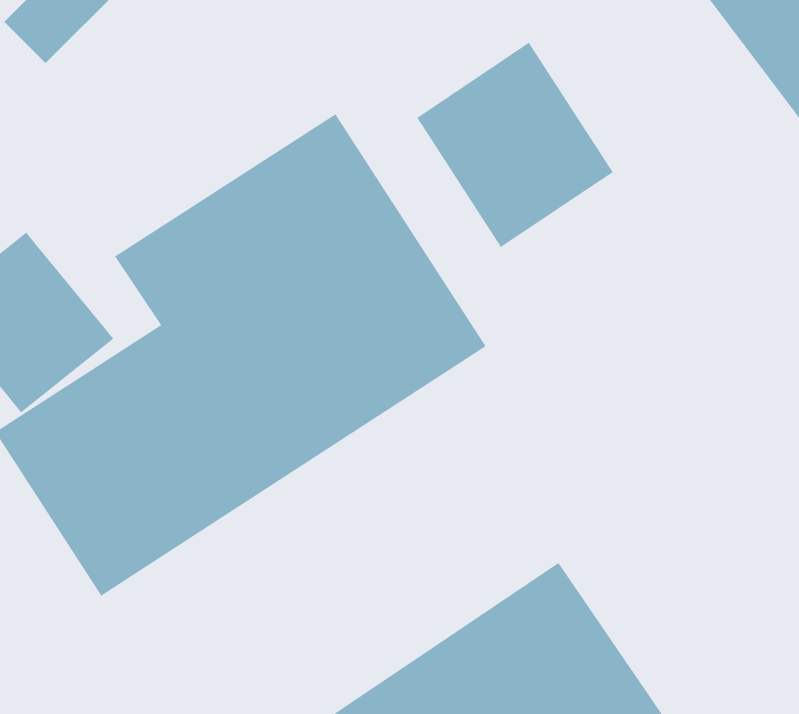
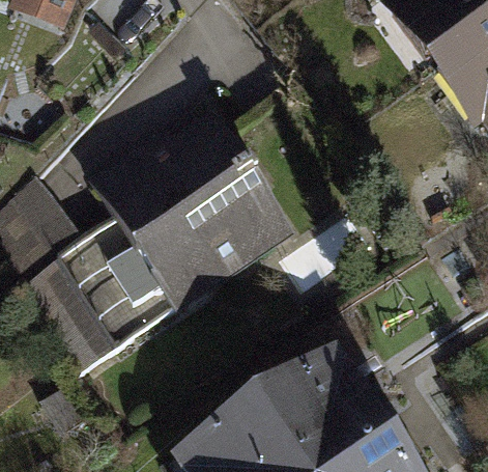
building: [416,42,614,248] -> none

